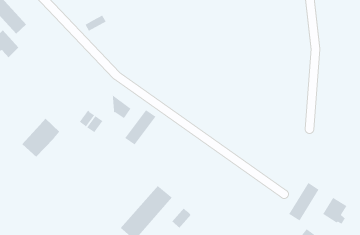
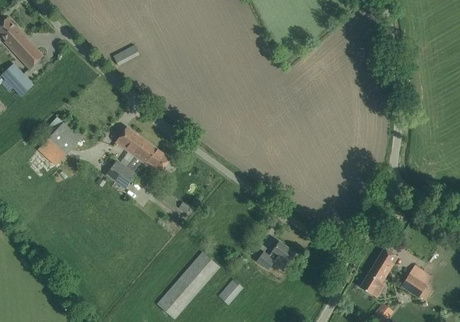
building: none -> [114,126,145,155]
building: [124,109,156,146] -> none
building: [21,118,60,157] -> [37,117,84,165]
building: none -> [256,241,294,269]

